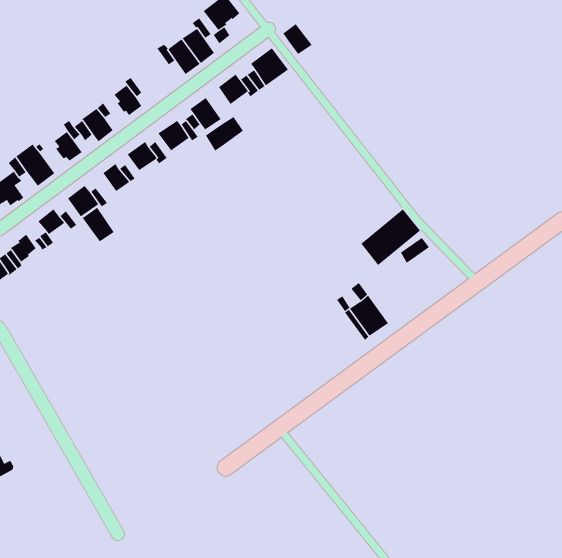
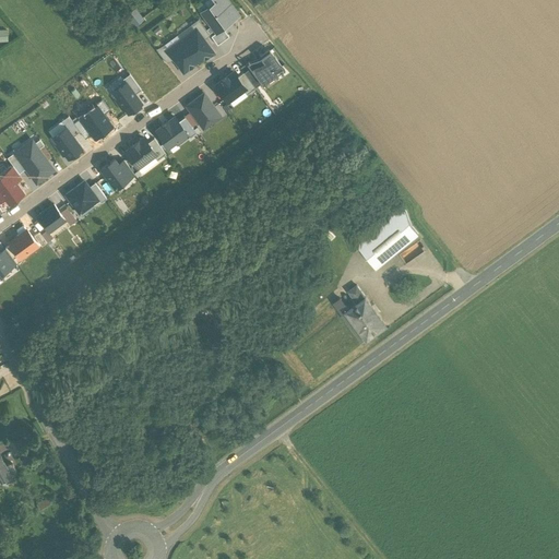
building: [282,23,312,55] -> none
building: [205,116,244,151] -> none
building: [82,207,115,242] -> none

